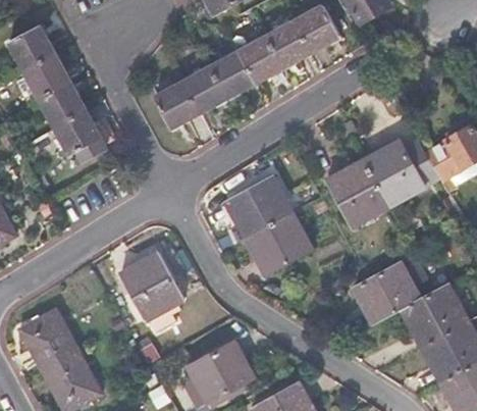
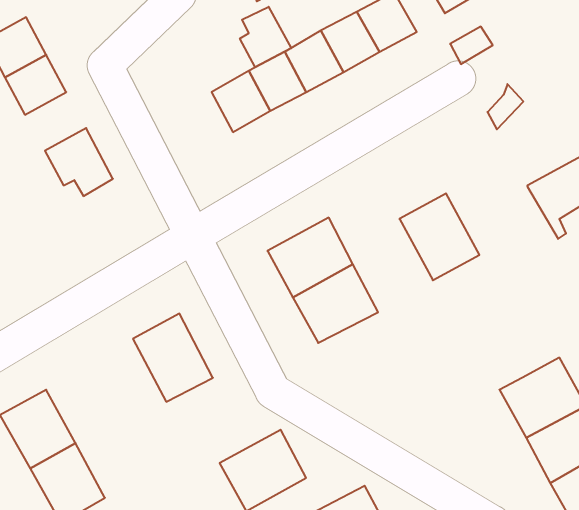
building: none -> [240,7,291,67]
building: [39,82,86,126] -> none
building: [154,82,198,126] -> none
building: [361,140,423,206] -> none
building: [351,261,419,325] -> none

